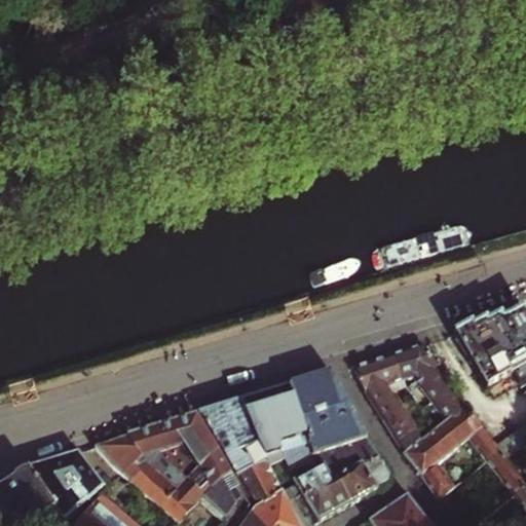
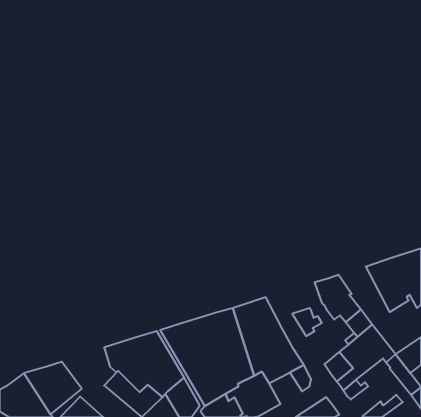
building: [352,351,404,390] -> none
building: [381,402,422,453] -> none
building: [93,433,145,480] -> none
building: [335,463,376,502] -> none

